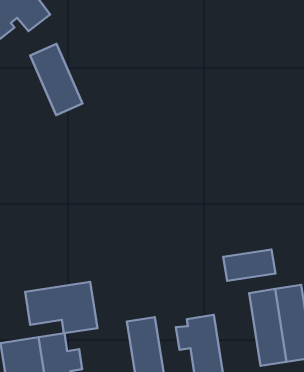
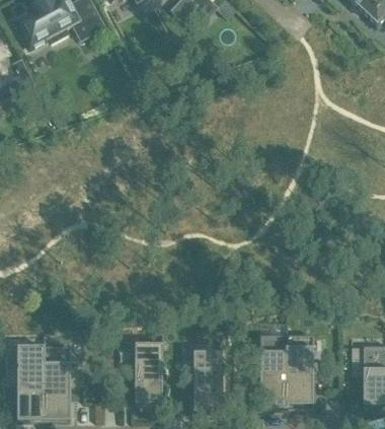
building: [30,44,82,115] -> none
building: [223,249,275,281] -> none
building: [25,282,97,333] -> none

